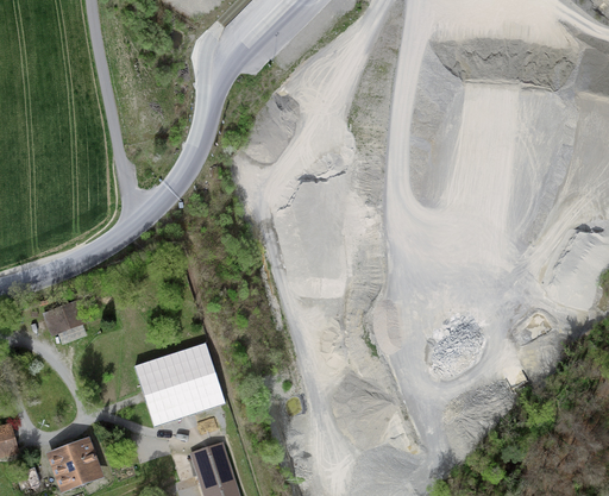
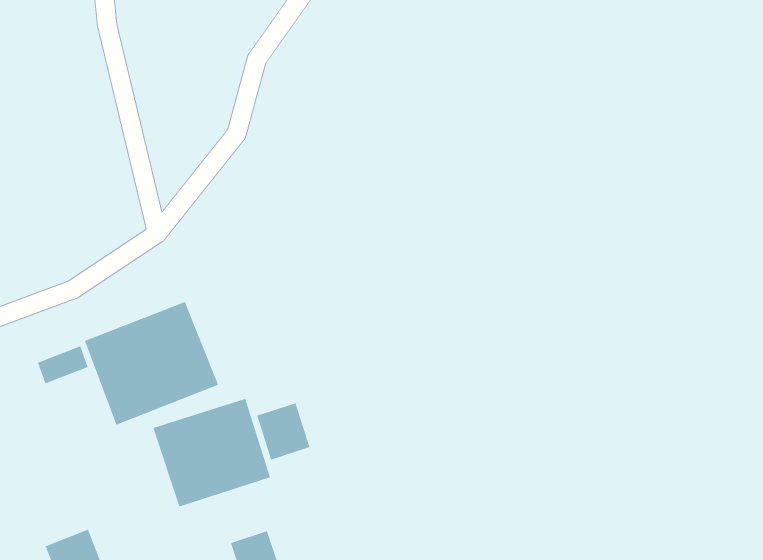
building: none -> [84,301,219,426]
building: none -> [257,402,310,460]

